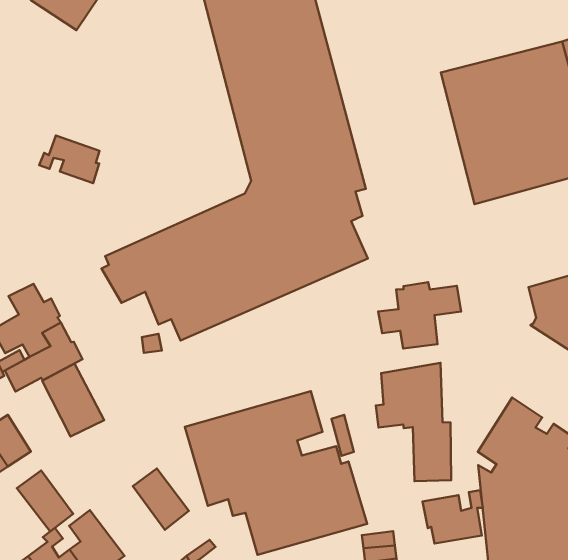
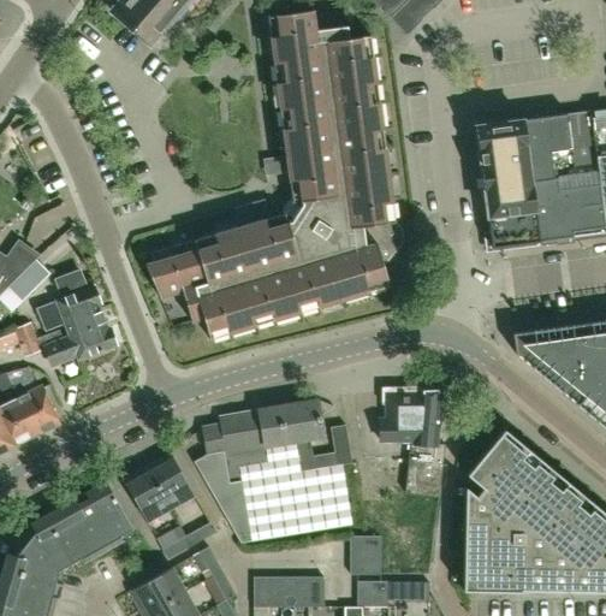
building: [39,135,100,183] -> none
building: [378,282,461,349] -> none
building: [42,364,104,437] -> none
building: [17,470,73,531] -> [124,466,172,522]
building: [423,490,483,544] -> none

